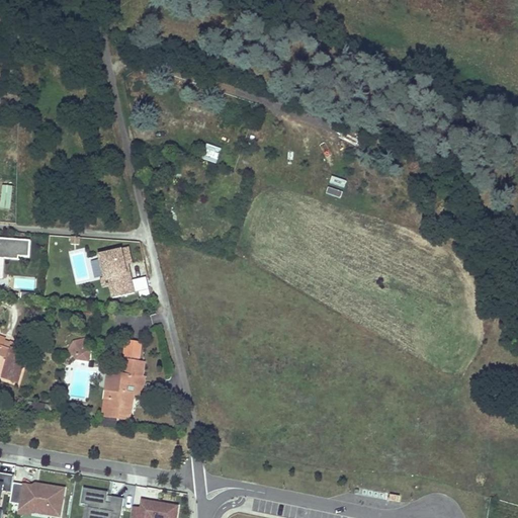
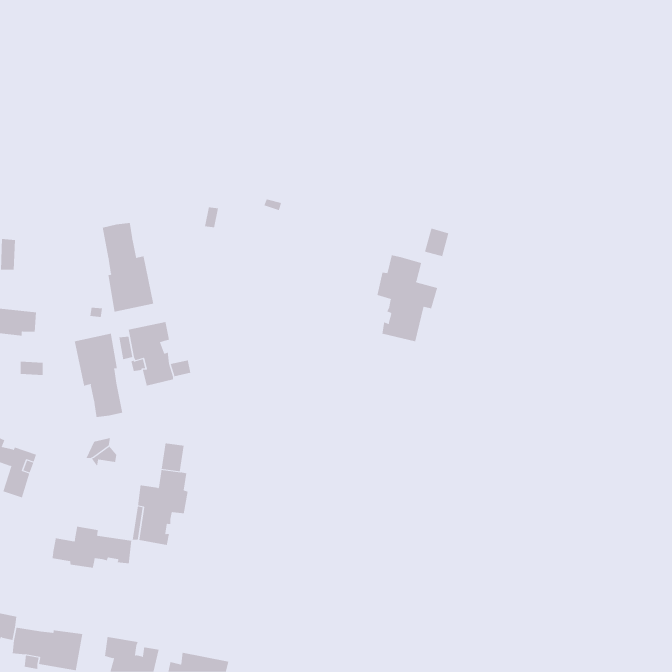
building: none -> [102,222,154,313]
building: none -> [377,255,438,342]
building: none -> [74,333,123,418]
building: none -> [52,526,132,568]

